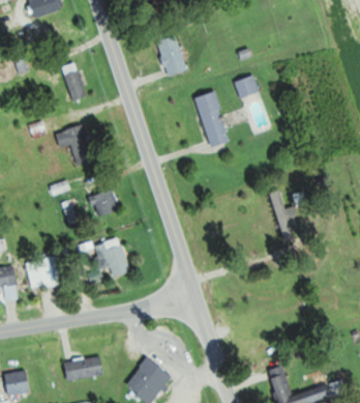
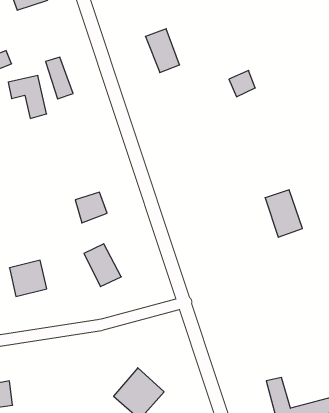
building: [196,92,228,148] -> none
building: [55,126,91,167] -> [8,76,47,118]
building: [71,355,102,378] -> none

